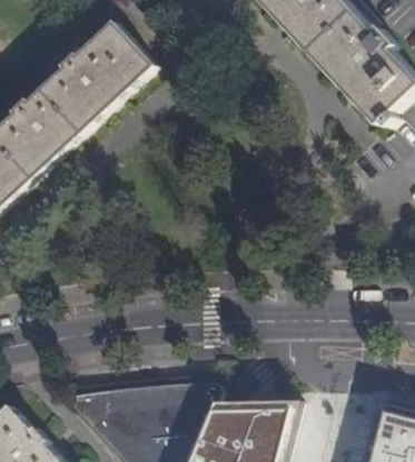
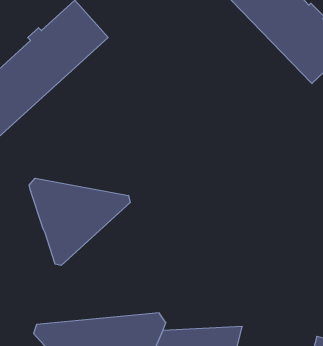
building: none -> [29,178,130,265]

